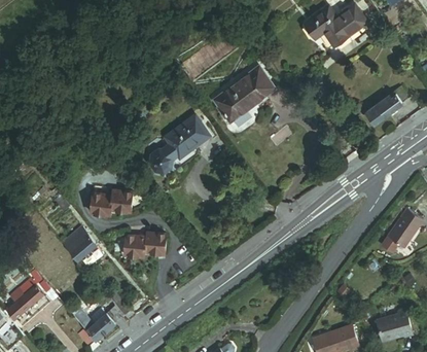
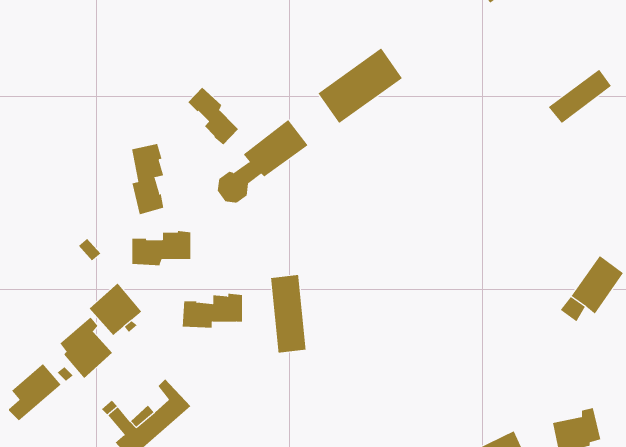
building: none -> [187,87,239,146]
building: none -> [131,143,164,215]
building: none -> [270,274,306,353]
building: none -> [59,316,113,379]

